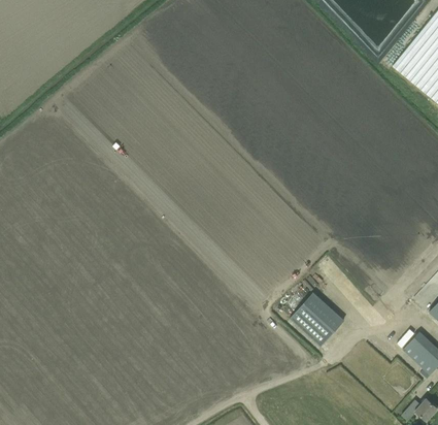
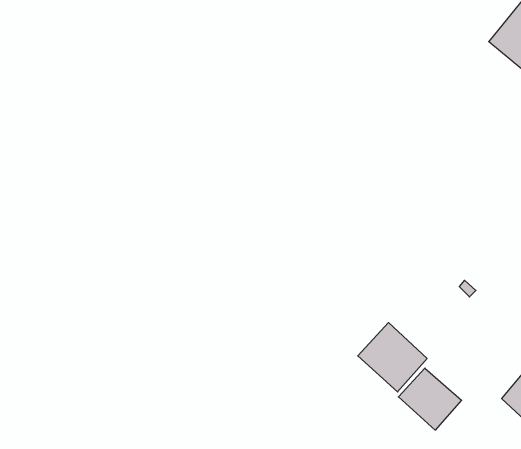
building: none -> [398,368,462,430]

